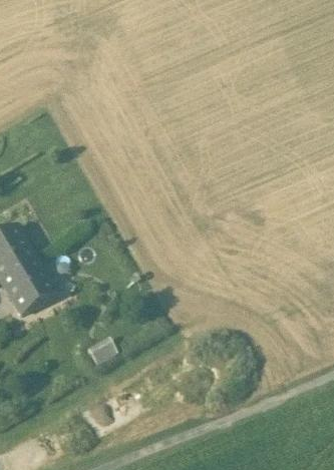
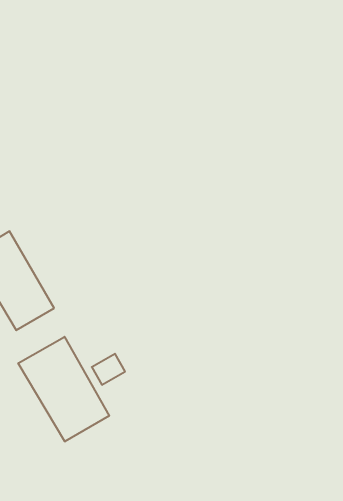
building: none -> [18,337,109,442]

